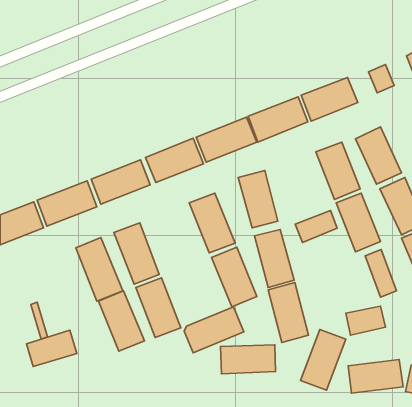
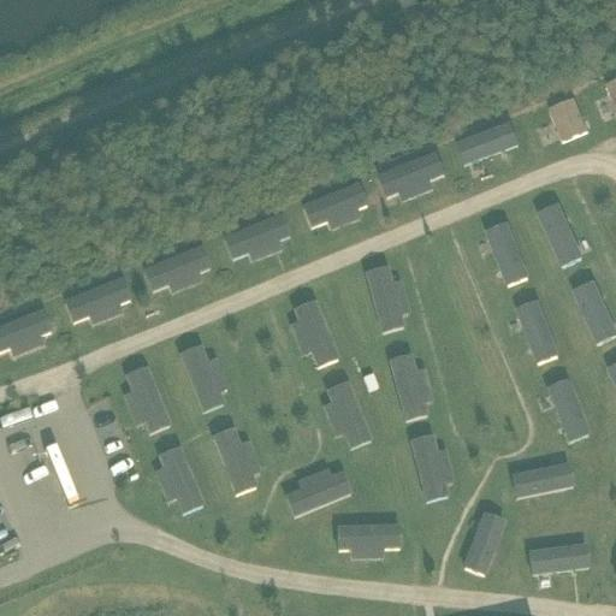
building: [295,211,337,242] -> none
building: [26,330,77,366] -> none

